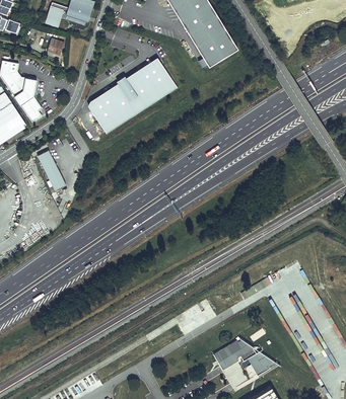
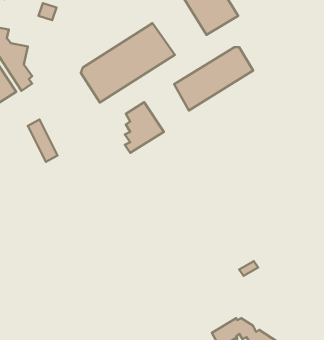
building: none -> [174,47,253,110]
building: none -> [125,102,164,153]

